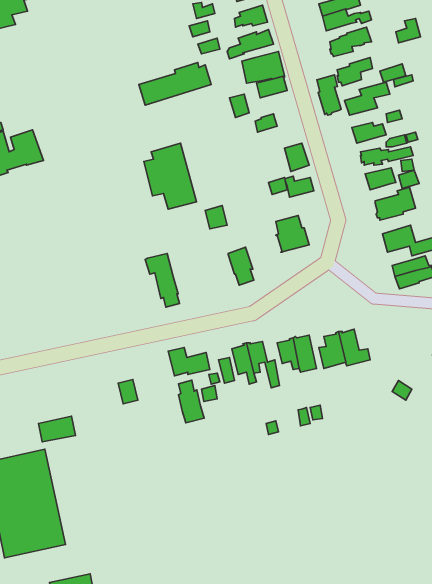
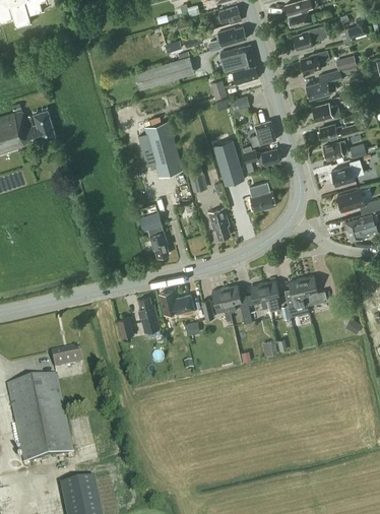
building: [317,75,341,115] -> none
building: none -> [212,139,244,185]
building: [178,380,204,423] -> [138,297,160,332]

